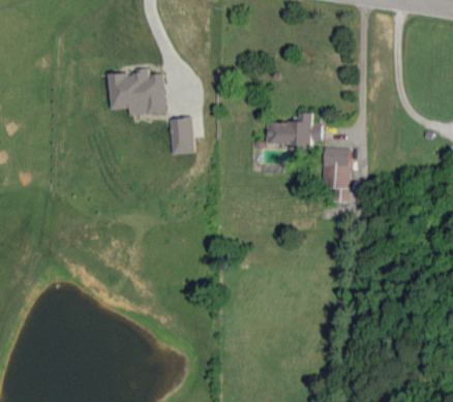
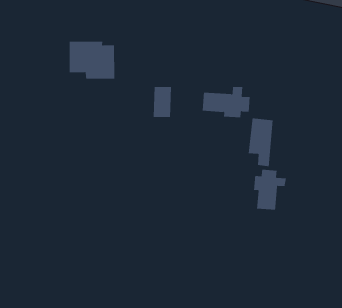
building: [170,118,191,154] -> [153,87,172,118]
building: none -> [254,169,286,211]

